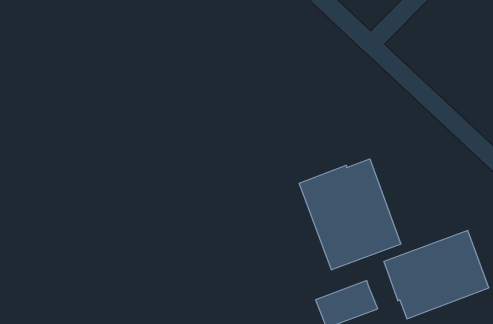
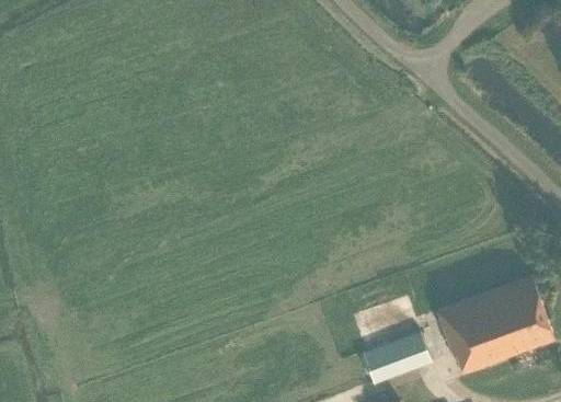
building: [299,159,401,270] -> none

